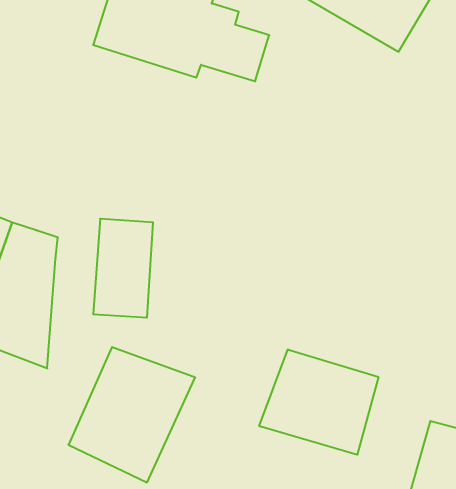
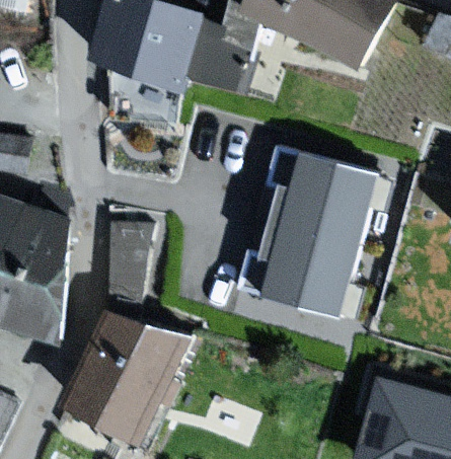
building: none -> [268,154,373,304]
building: [259,349,378,455] -> none

